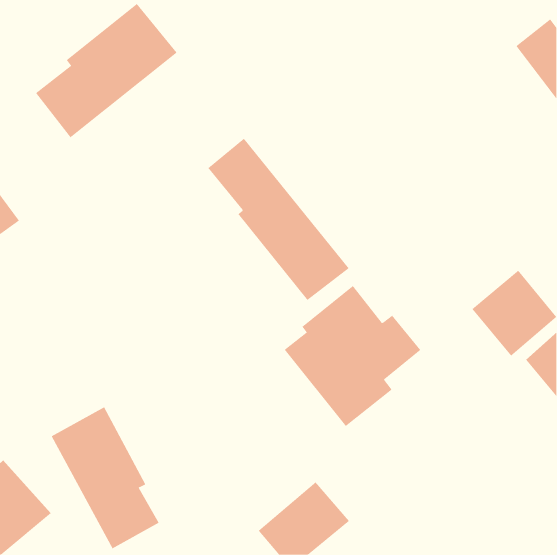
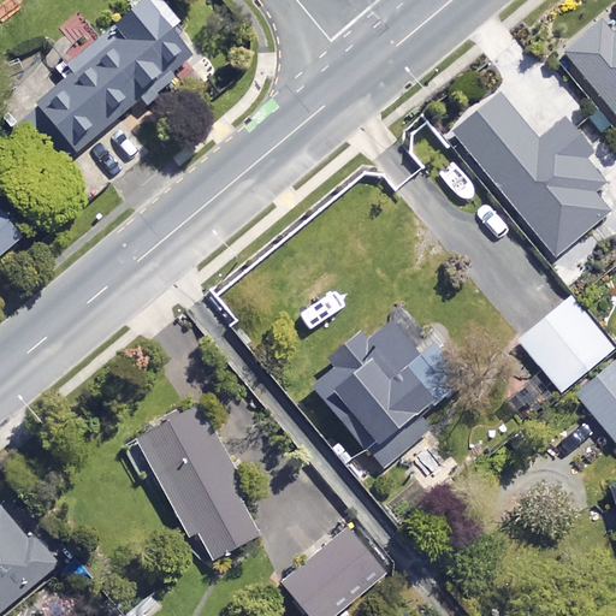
building: none -> [455,96,606,253]
building: [207,138,349,301] -> none
building: [51,407,159,549] -> [138,407,257,563]

